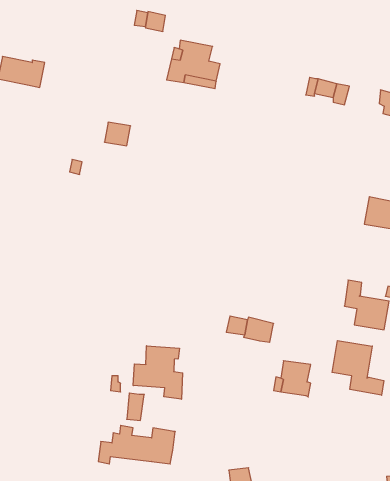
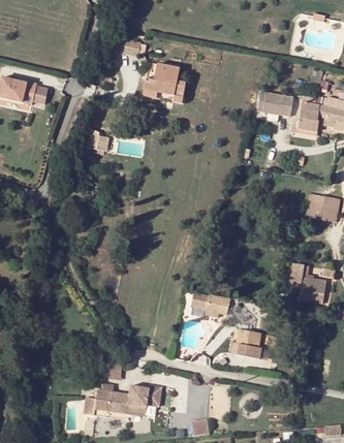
building: none -> [293,98,319,131]
building: [332,341,384,395] -> none
building: [133,346,183,399] -> none

